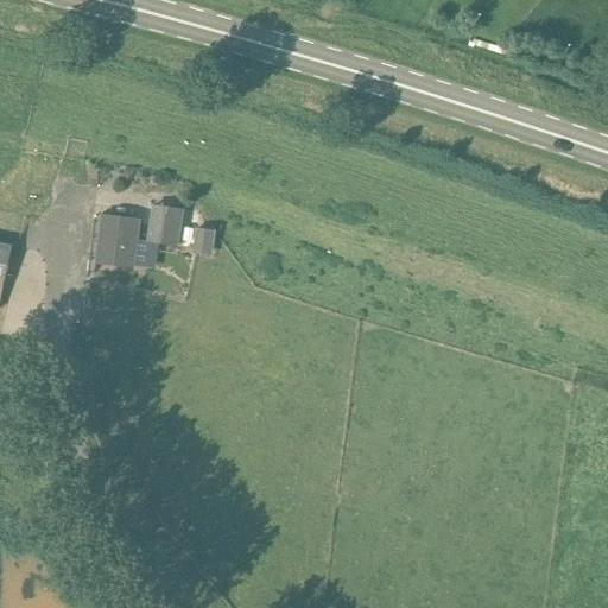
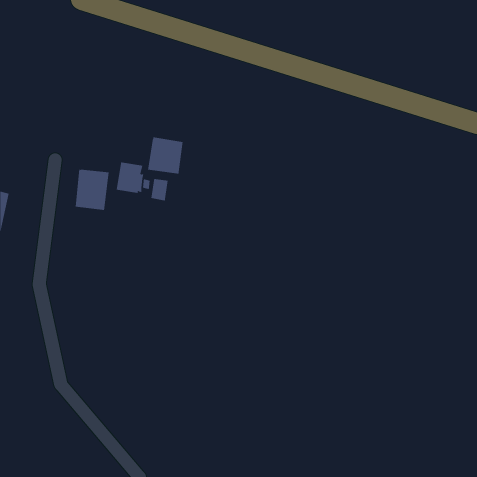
building: none -> [148,137,183,174]

